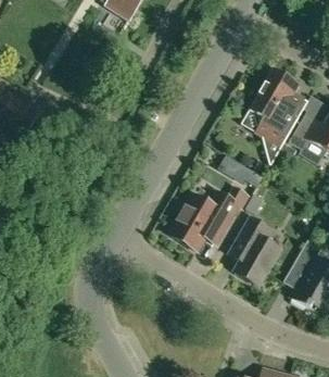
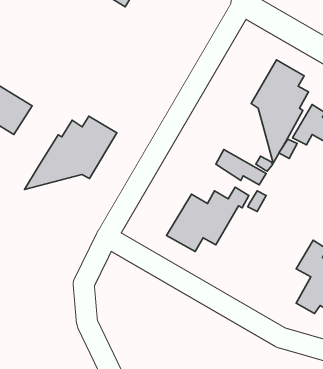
building: none -> [24,116,117,189]
building: [228,216,279,286] -> none

